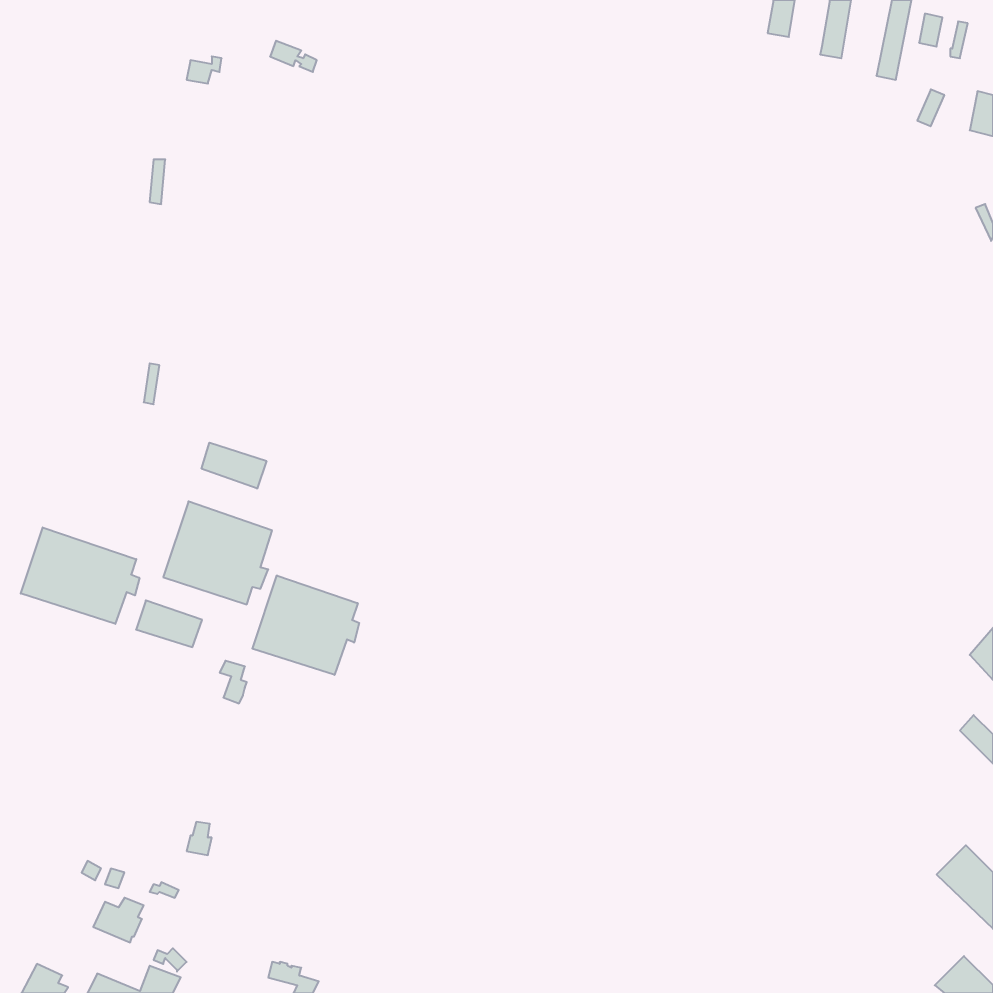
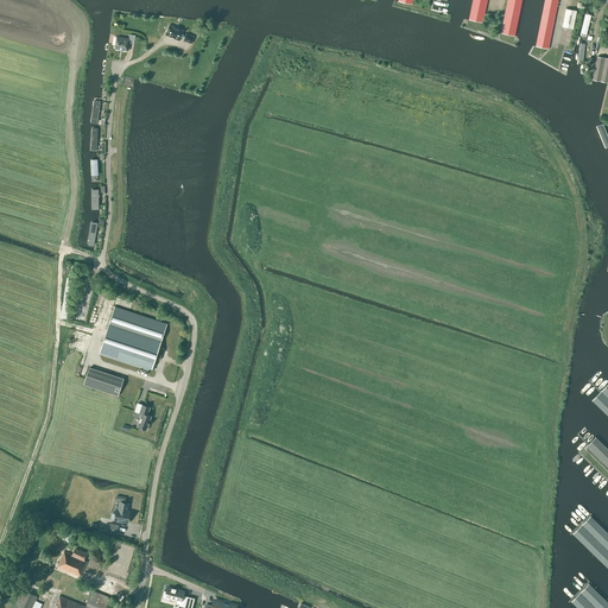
building: [202,443,266,489] -> none
building: [21,527,139,624] -> none
building: [252,575,359,675] -> none

